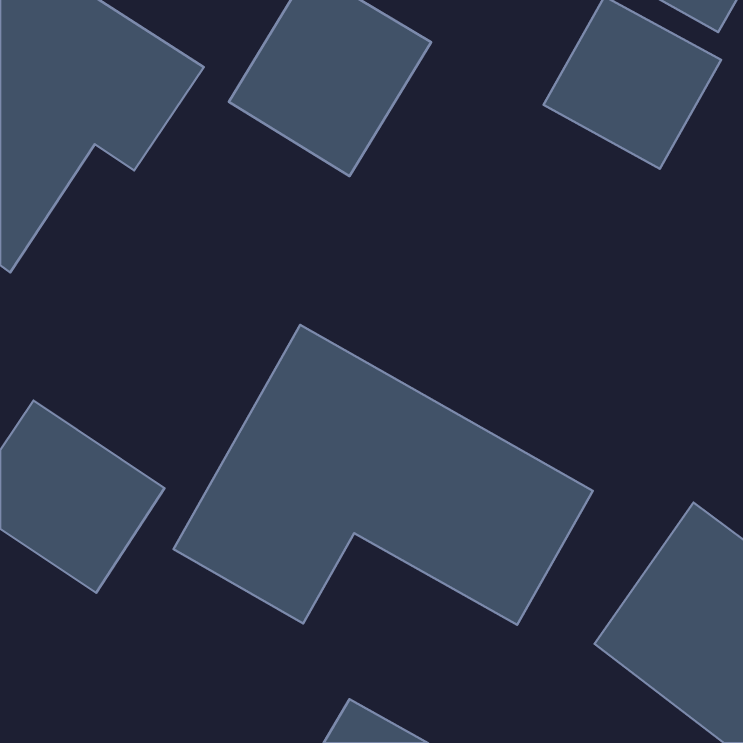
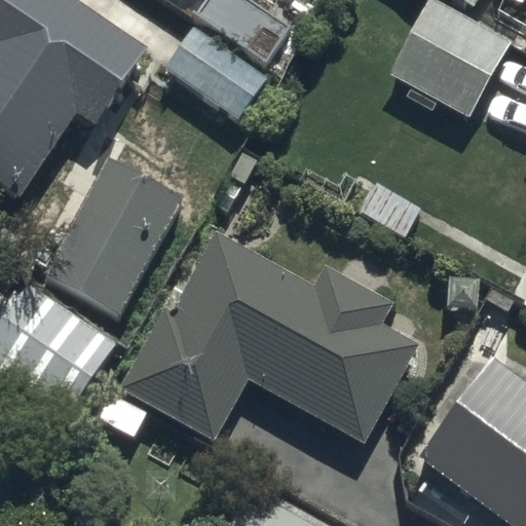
building: none -> [42,157,186,315]

